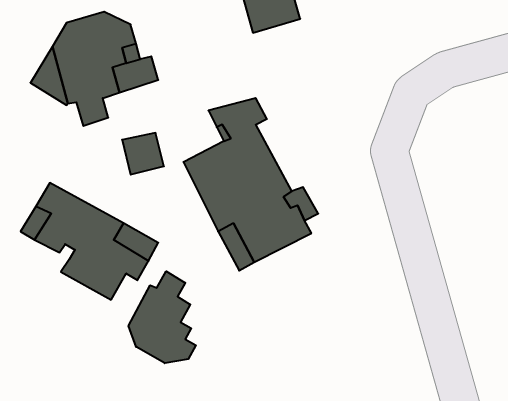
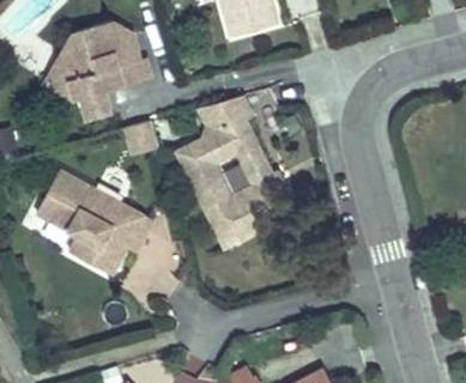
building: [129,271,196,363] -> none

